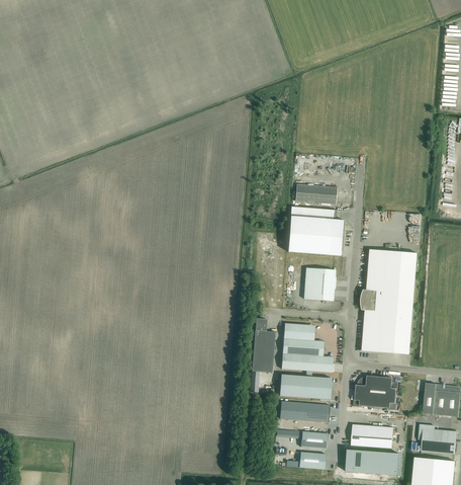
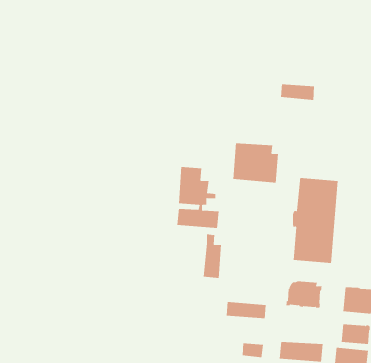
building: [295,184,338,205] -> [280,84,315,100]
building: [303,267,336,301] -> none
building: [279,323,332,399] -> [176,166,219,228]
building: [351,423,393,448] -> none
building: [301,431,328,449] -> none

